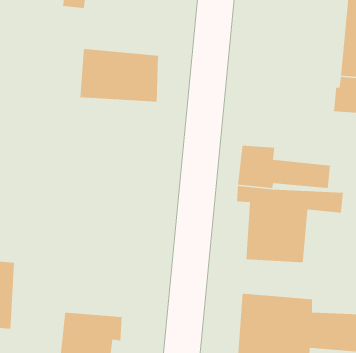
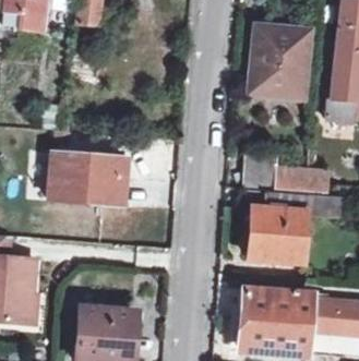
building: none -> [254,26,304,95]
building: [80,48,159,103] -> [50,151,123,201]

